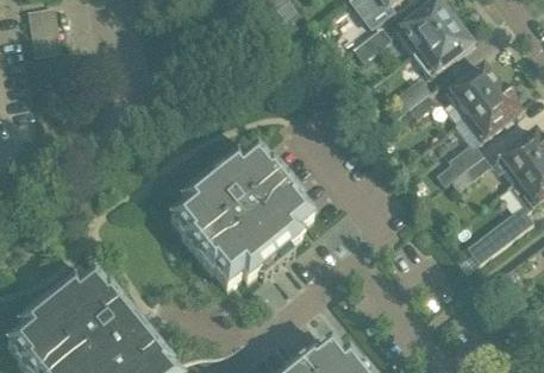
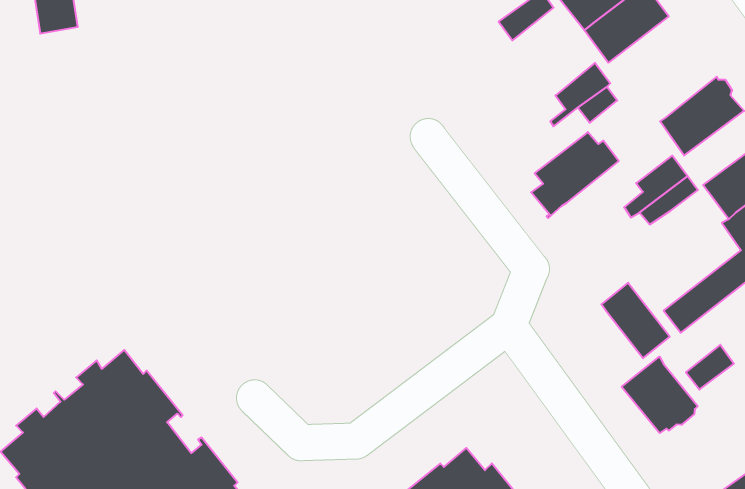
building: [444,65,505,125] -> [531,132,619,218]
building: [171,150,313,289] -> none
building: none -> [601,283,670,358]
building: none -> [622,357,698,433]

